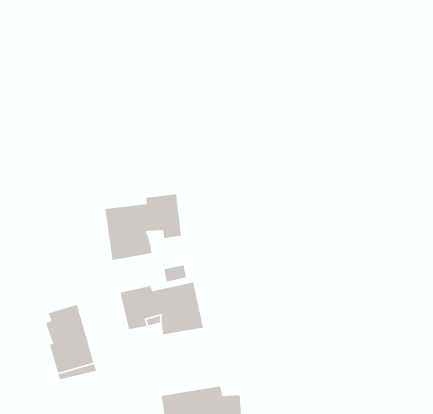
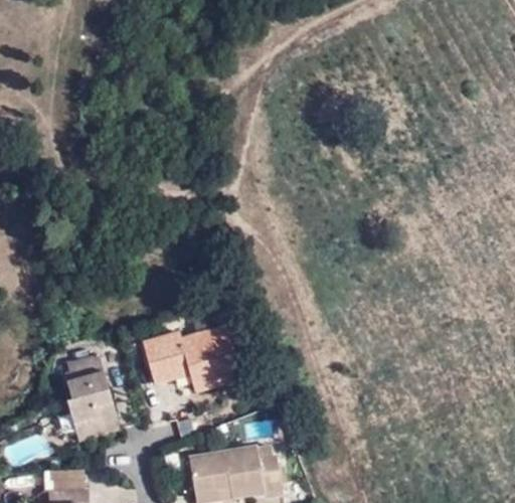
building: [105,194,182,261] -> none

